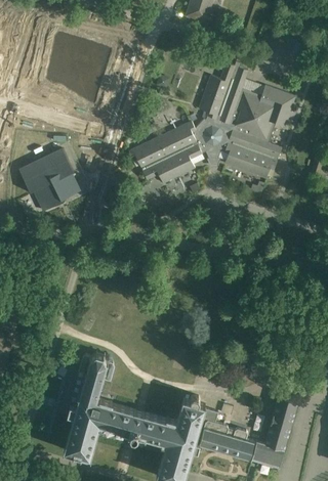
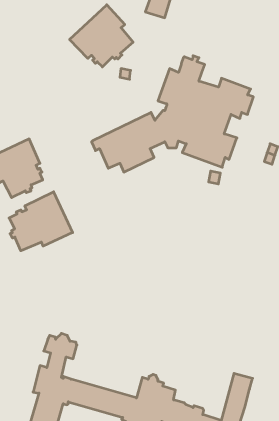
building: none -> [70,5,133,67]
building: none -> [9,192,73,251]

